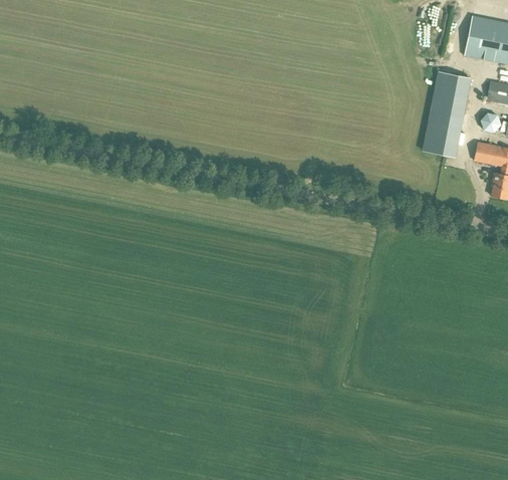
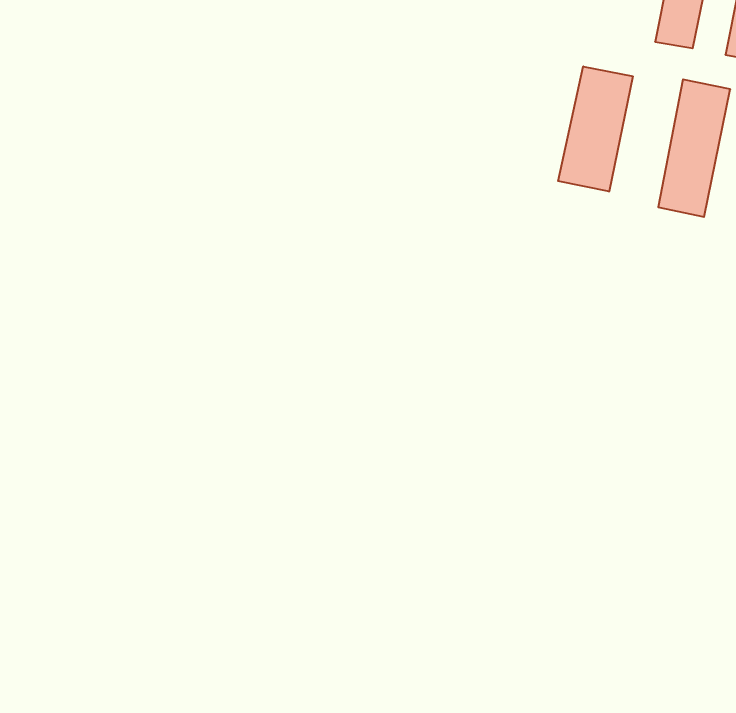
building: none -> [558,66,633,192]

